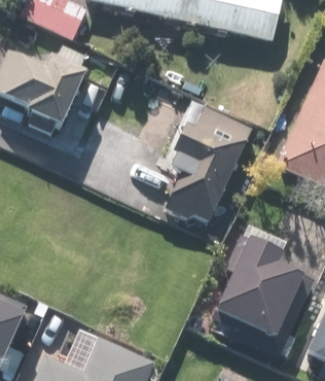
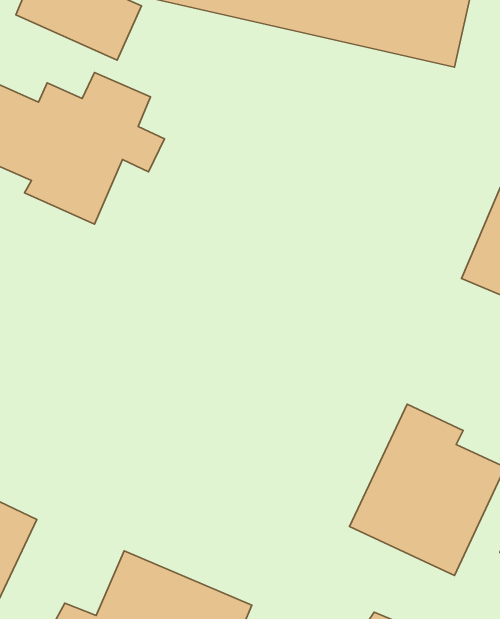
building: [166,104,254,229] -> none

